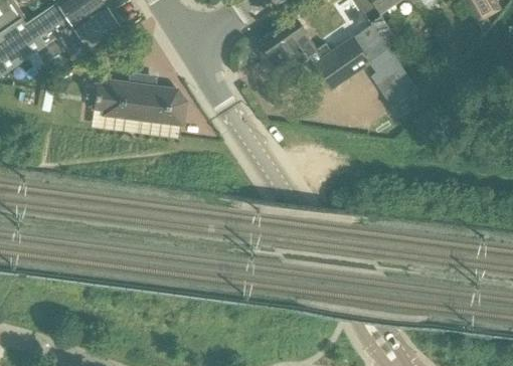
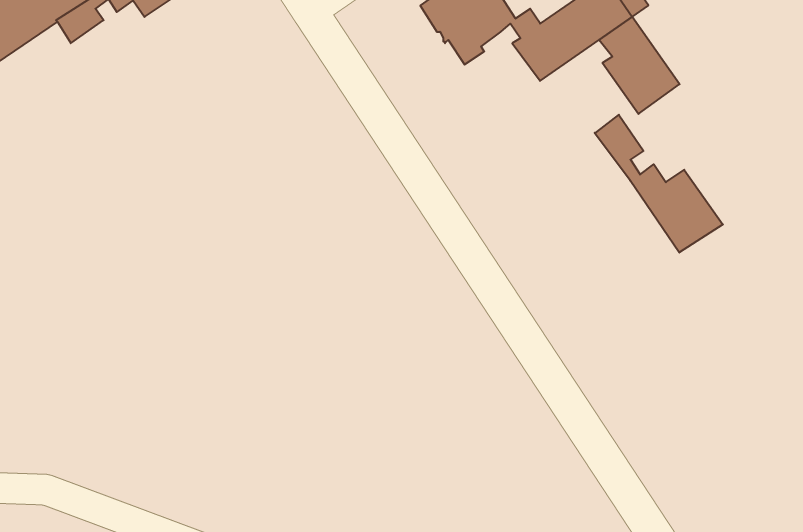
building: [95,81,185,123] -> none
building: none -> [595,115,723,253]

